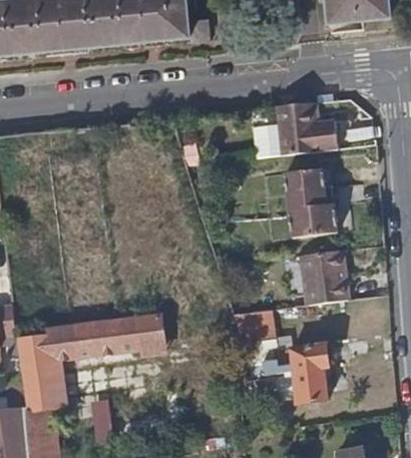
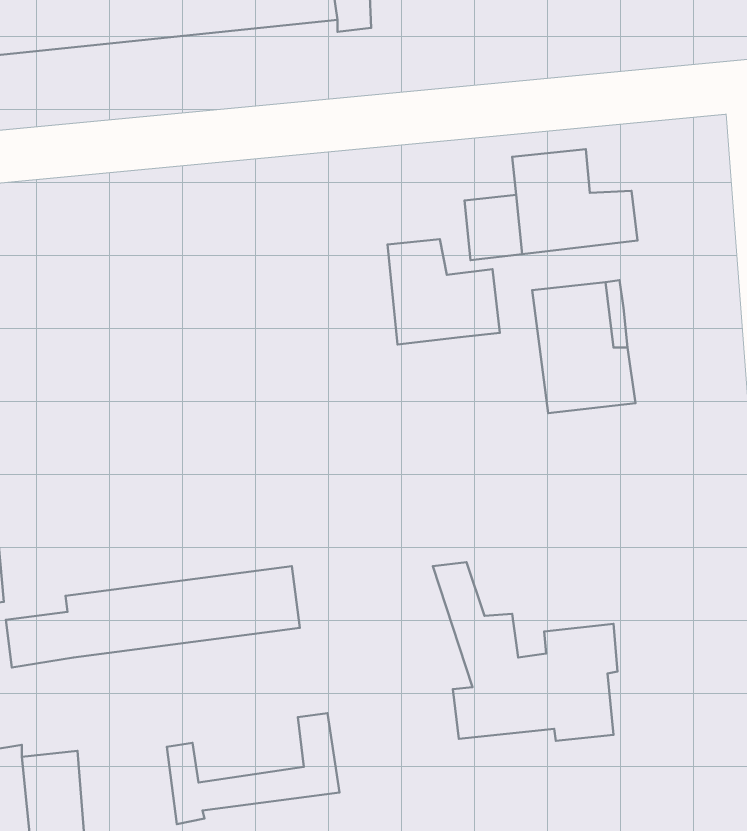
building: none -> [388,239,500,345]
building: [300,250,346,304] -> none
building: [21,359,57,409] -> none

